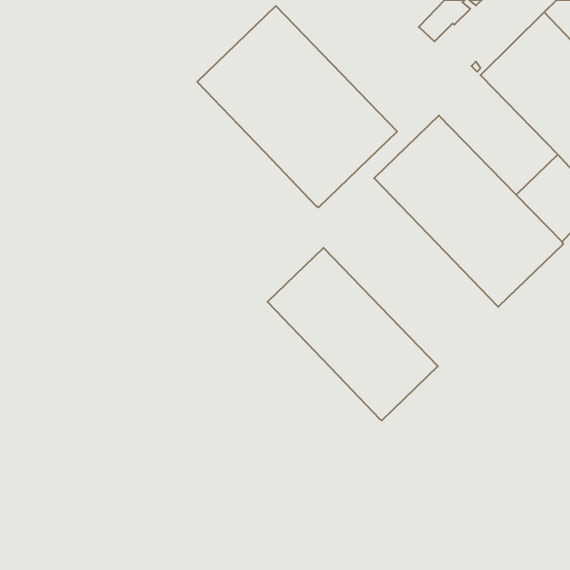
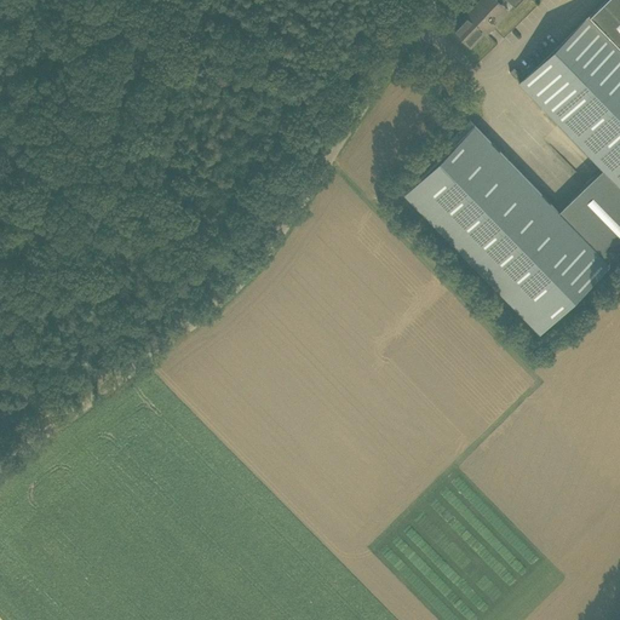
building: [197,6,397,207] -> none
building: [268,248,438,420] -> none

